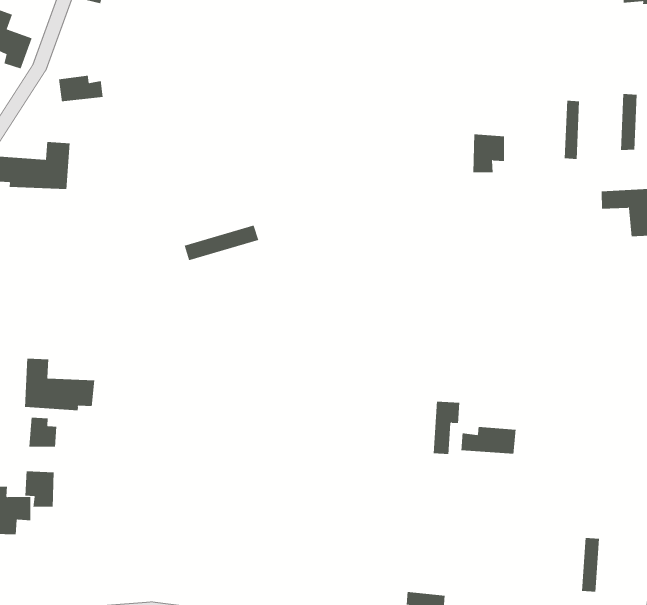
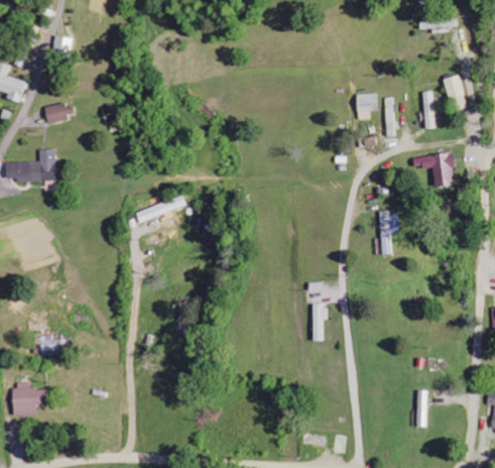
building: [472,134,505,173] -> [357,94,379,120]
building: none -> [380,210,399,254]
building: [24,358,95,411] -> none
building: [461,426,516,454] -> none
building: [25,471,54,508] -> none

